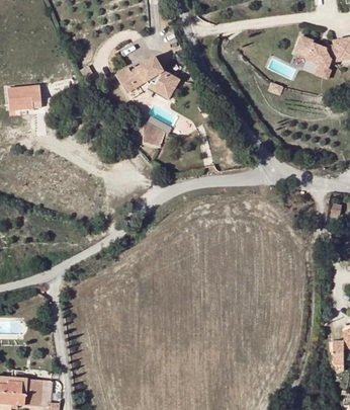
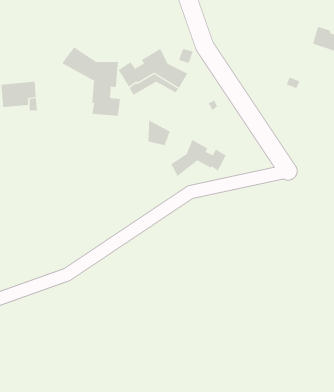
building: none -> [62,46,121,116]
building: none -> [170,139,226,177]

